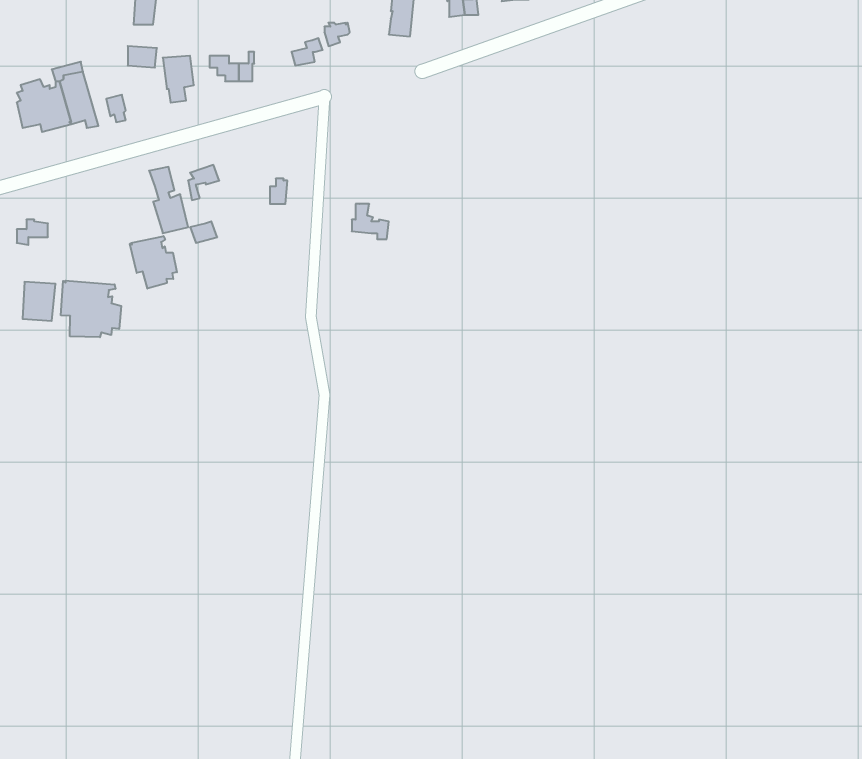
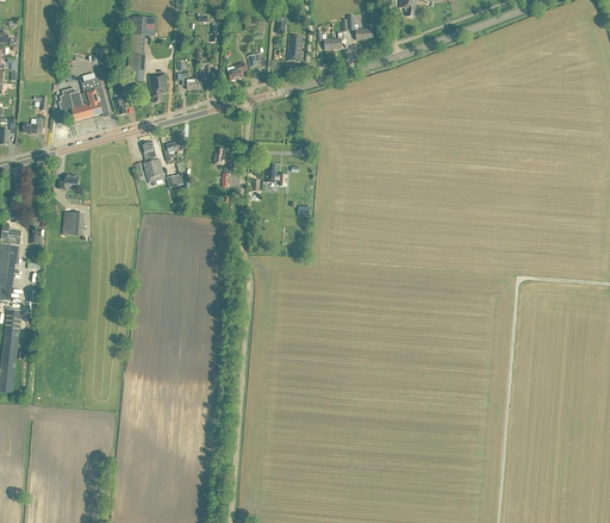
building: [130,236,177,289] -> none
building: [61,281,121,337] -> none

